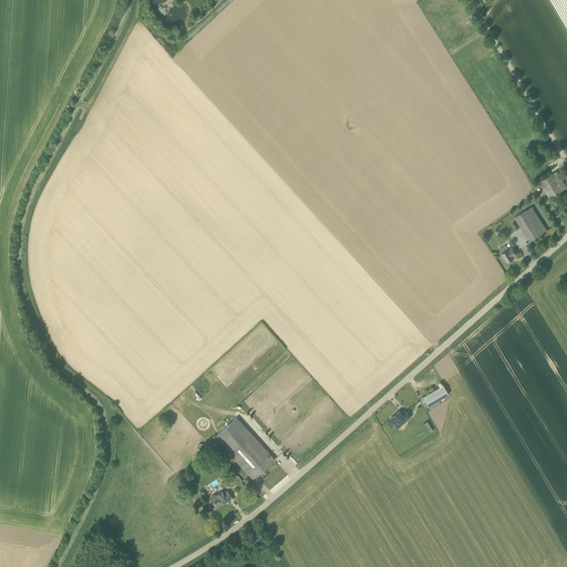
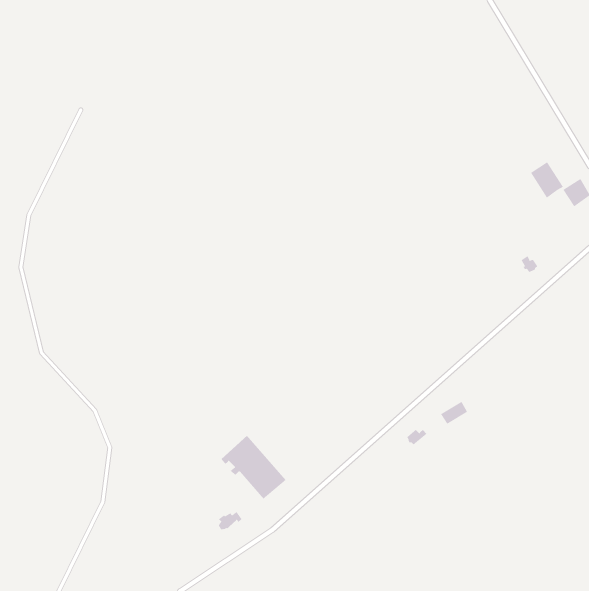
building: [516,206,548,241] -> [530,161,564,198]

